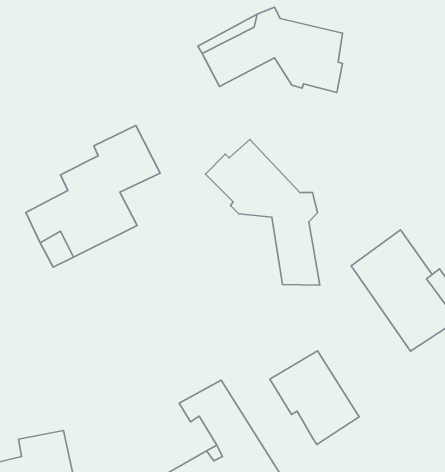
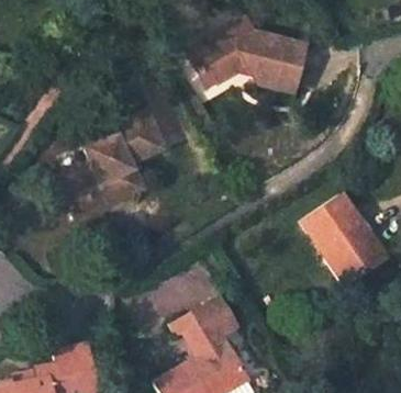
building: [206,139,320,285] -> none
building: [270,351,359,444] -> none

